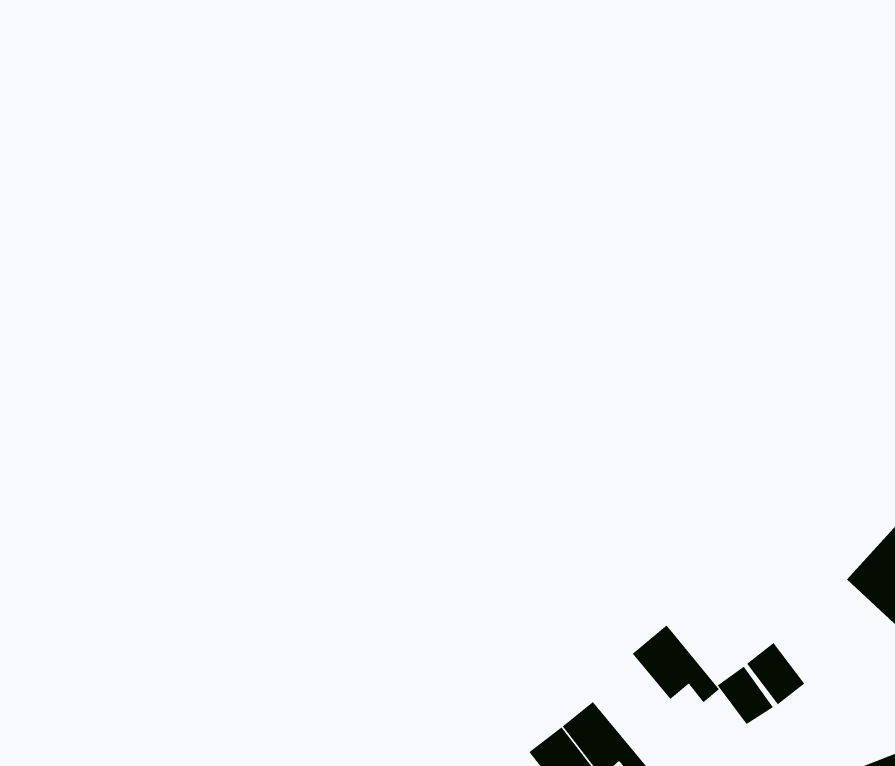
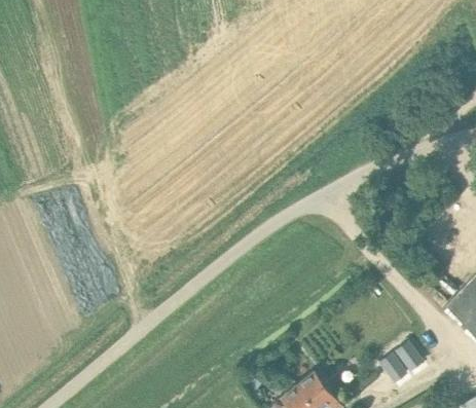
building: [632,624,720,703] -> none

